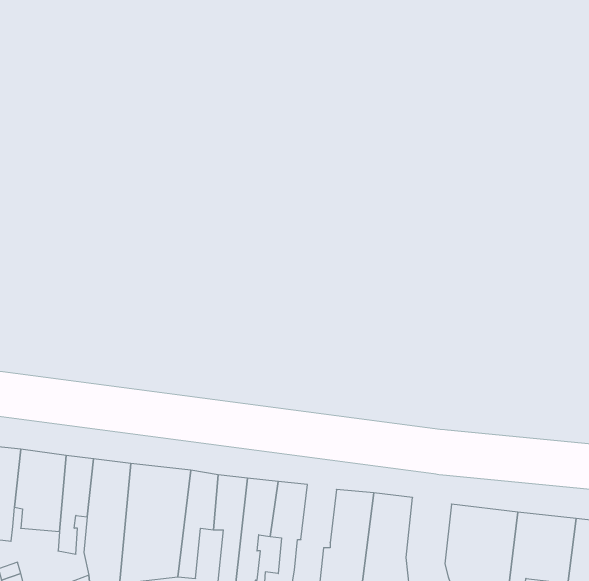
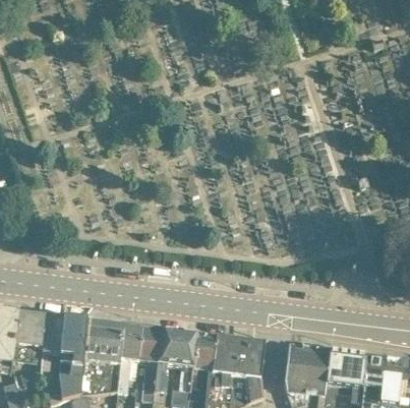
building: none -> [189,334,216,389]

